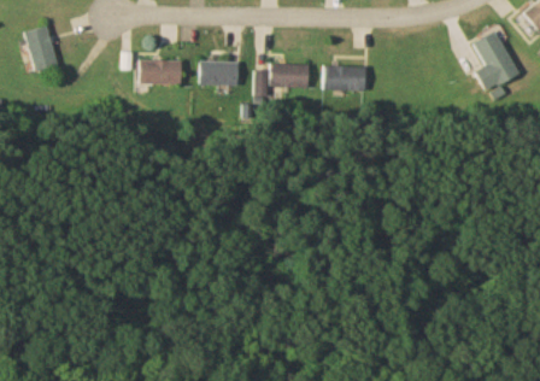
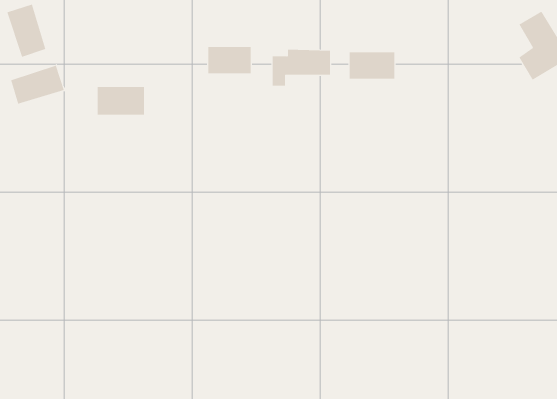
building: [139,59,181,84] -> [97,87,145,115]
building: none -> [10,65,64,105]

